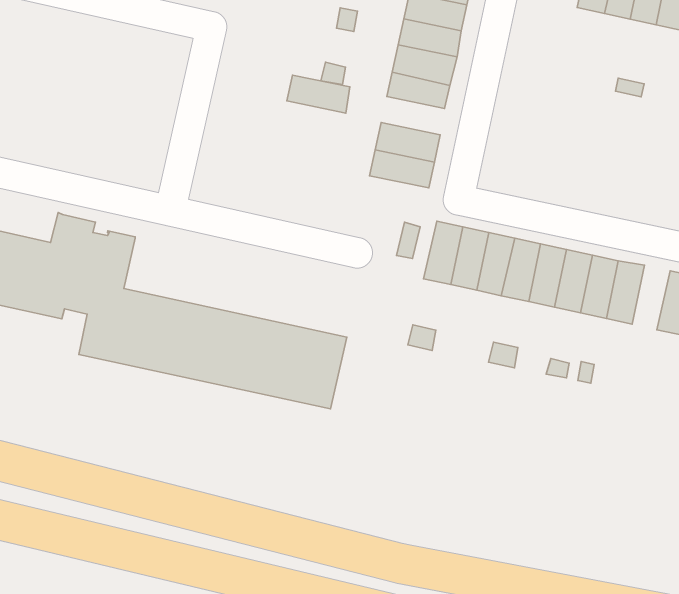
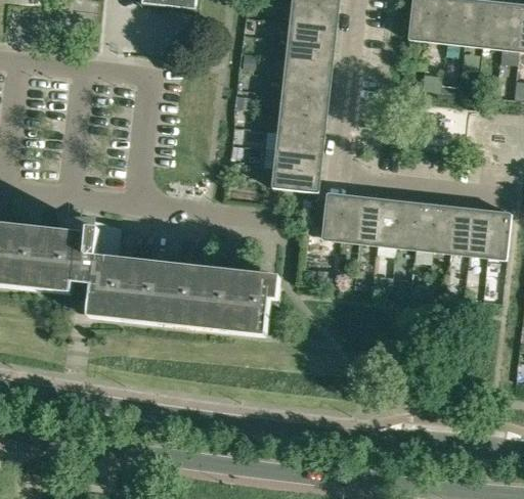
building: [287,75,350,113] -> [279,111,322,134]
building: none -> [273,168,317,190]
building: none -> [469,210,491,254]

